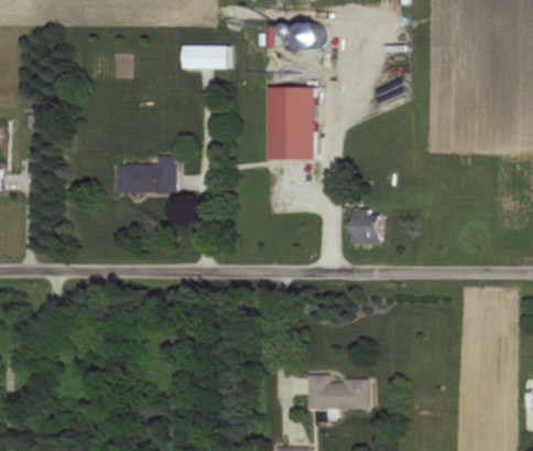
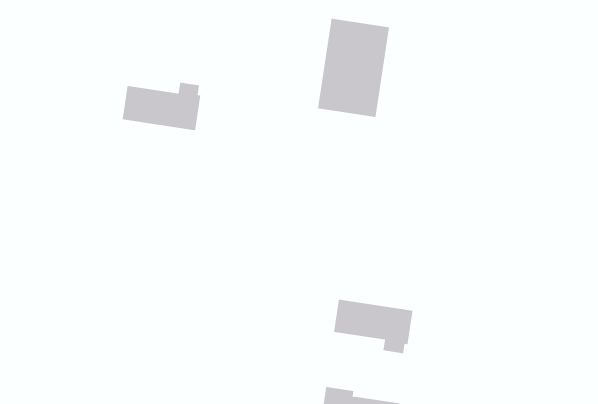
building: [351,208,379,244] -> none
building: none -> [333,299,413,354]

